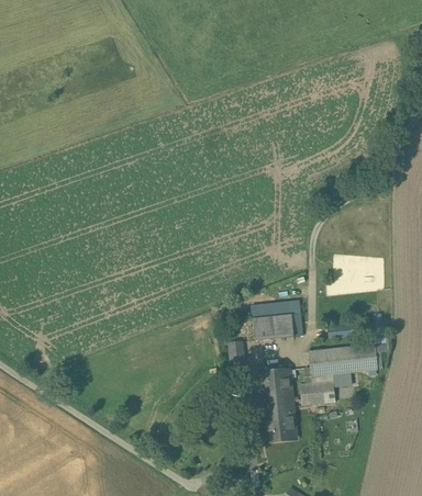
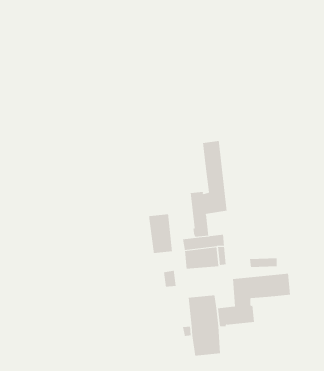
building: none -> [190,140,227,237]
building: none -> [149,213,172,254]

